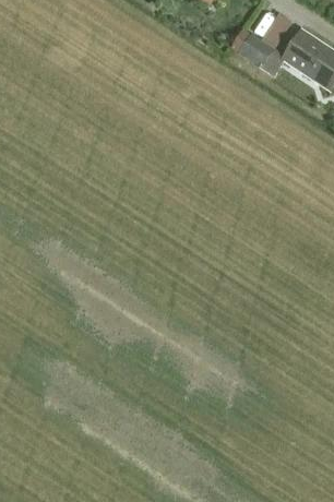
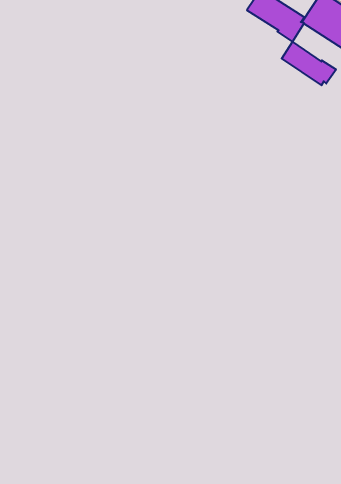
building: none -> [282,42,336,85]

